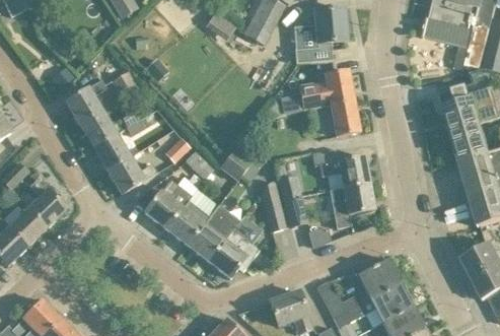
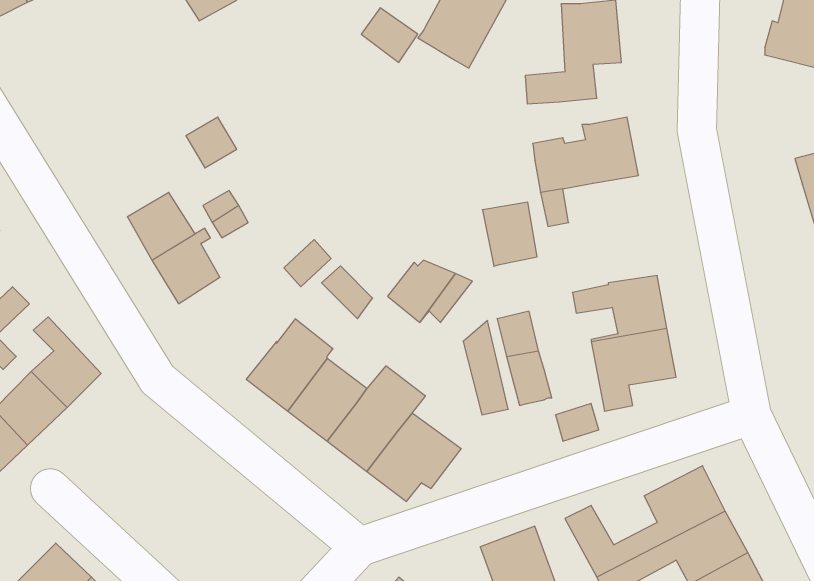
building: [66,79,106,124] -> none
building: [331,102,360,136] -> [482,202,537,266]
building: [108,156,157,194] -> none

